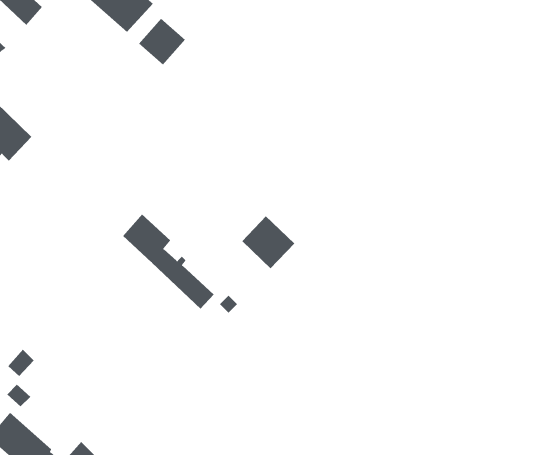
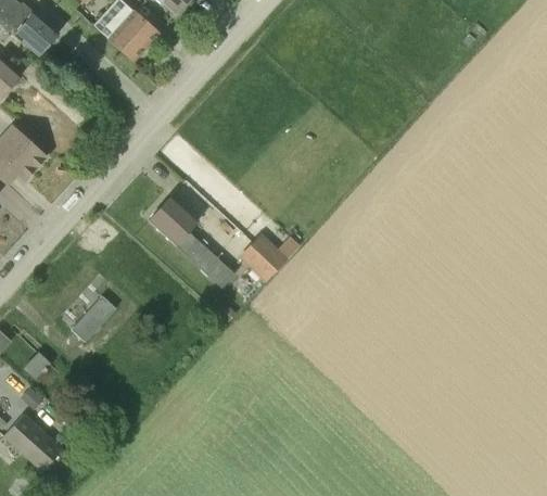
building: [138,18,186,66] -> none
building: [122,214,214,310] -> [150,199,236,288]
building: none -> [69,297,114,343]

